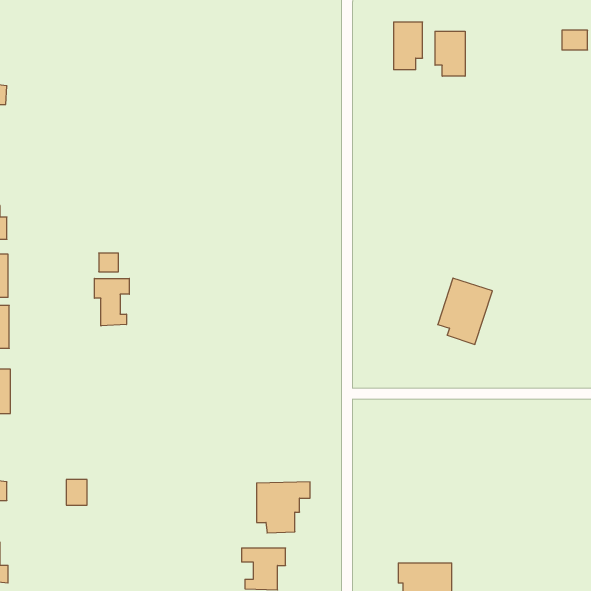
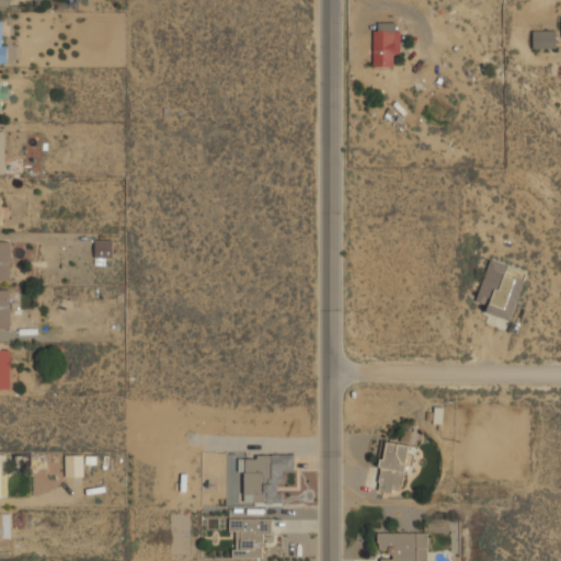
building: [435,31,465,76] -> none
building: [438,278,492,344] -> [474,260,526,322]
building: [94,278,129,326] -> none
building: none -> [377,444,407,493]

